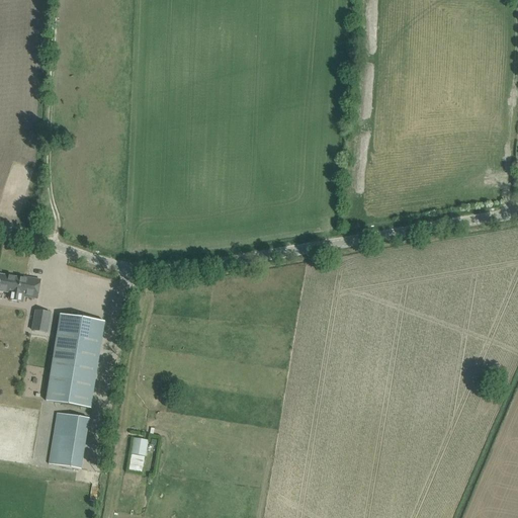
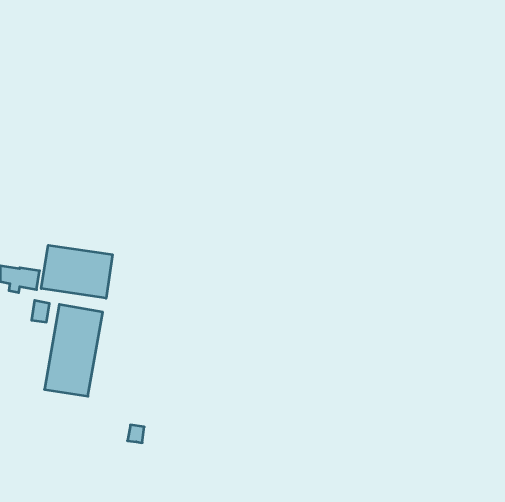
building: none -> [41,245,112,298]
building: [49,411,89,467] -> none

